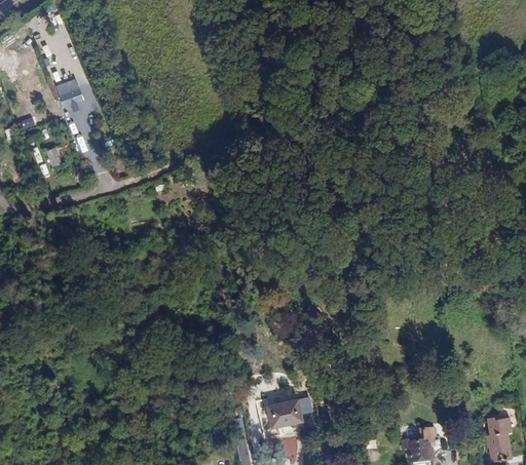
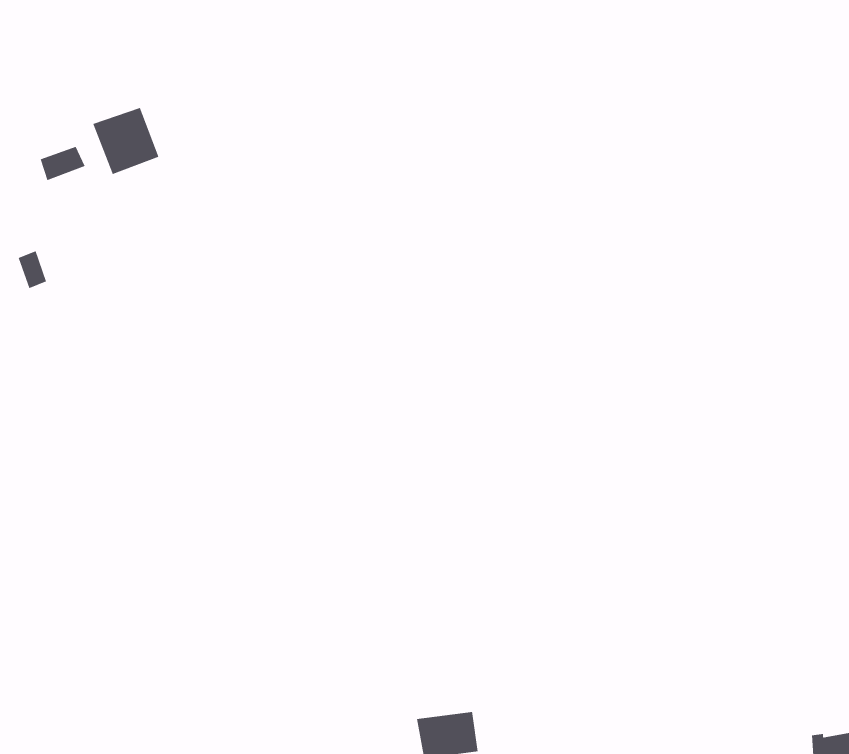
building: none -> [93,107,159,175]

